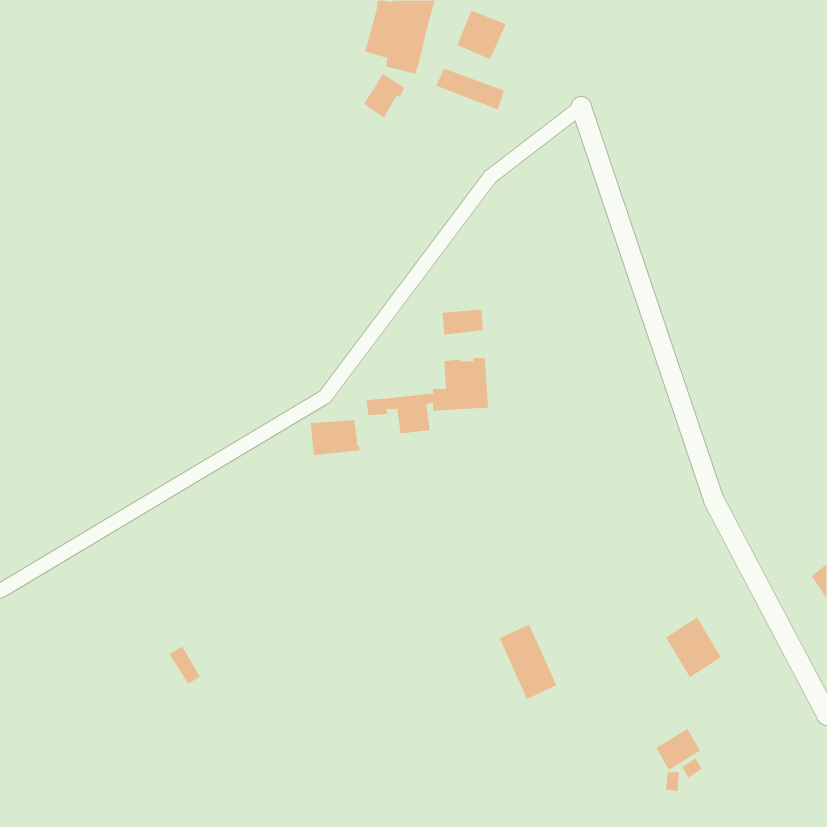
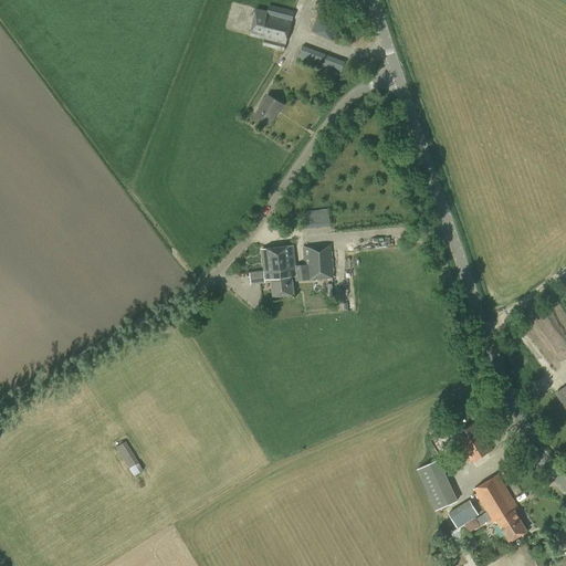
building: [363,73,405,119] -> [254,95,283,126]
building: [310,420,360,455] -> [261,248,295,272]
building: [499,624,557,700] -> [417,457,457,509]
building: none -> [473,474,526,541]

